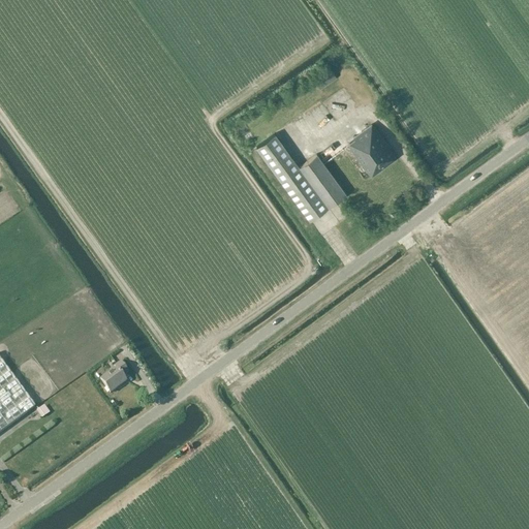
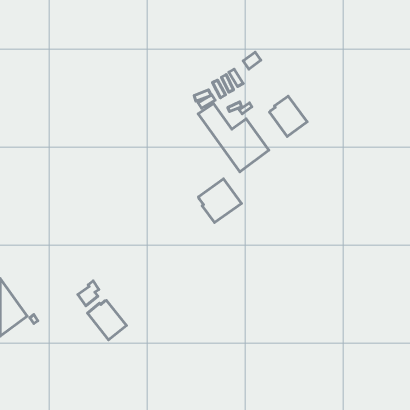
building: none -> [199,179,241,222]
building: none -> [87,301,126,340]

